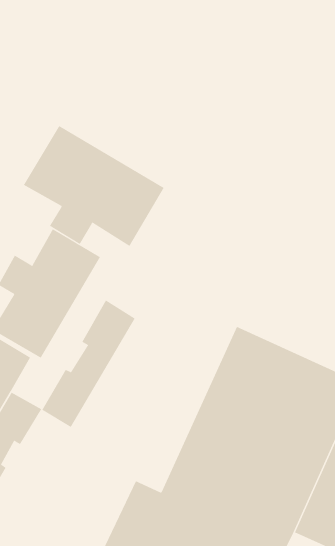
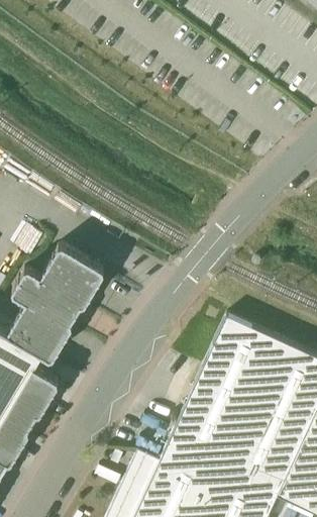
building: [23,125,164,247] -> none
building: [42,299,136,428] -> none

